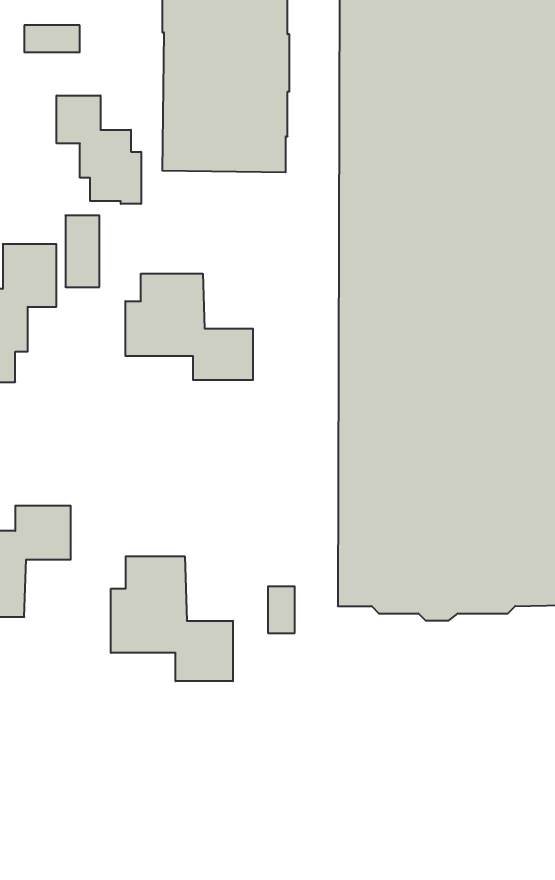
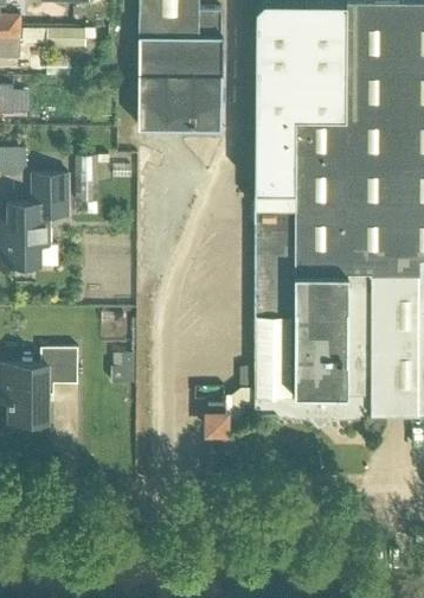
building: [57,95,141,204] -> none
building: [125,274,253,380] -> none
building: [111,556,233,681] -> none

